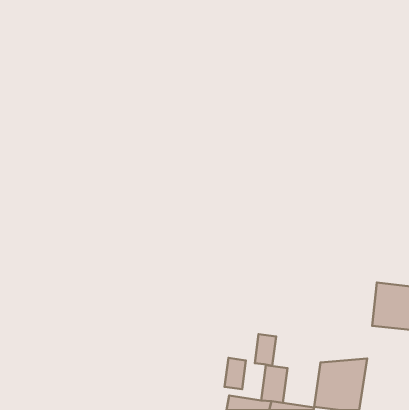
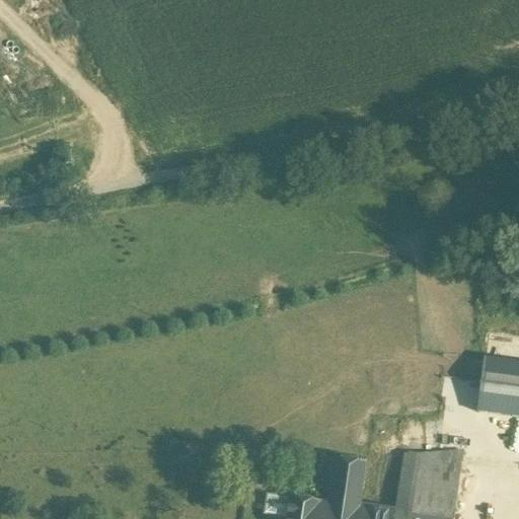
building: [255,334,276,366] -> none
building: [225,358,246,389] -> none

